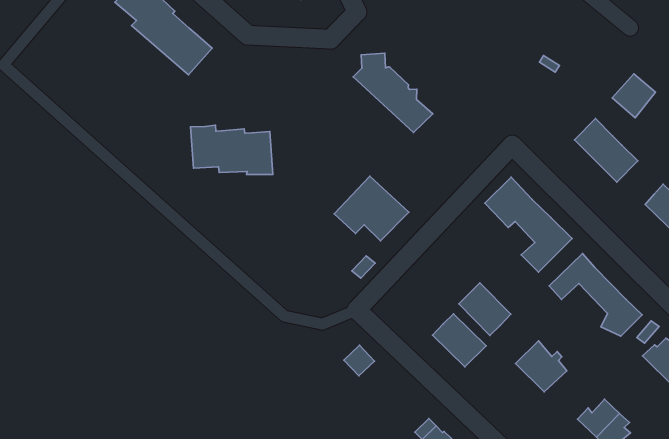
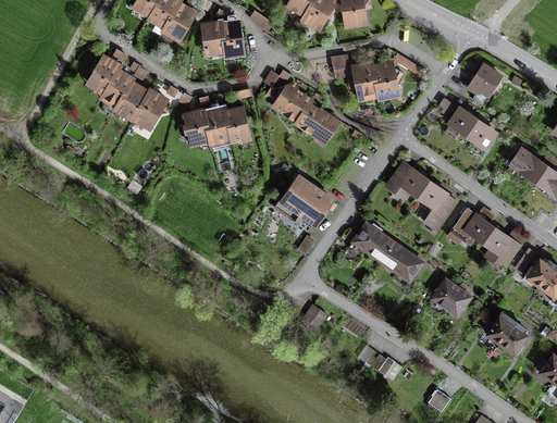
building: none -> [345,63,398,97]
building: [190,125,273,175] -> [183,107,250,144]
building: [432,314,486,367] -> [352,223,394,261]

